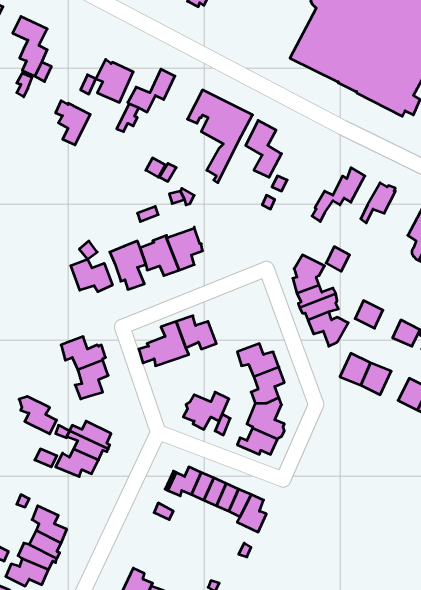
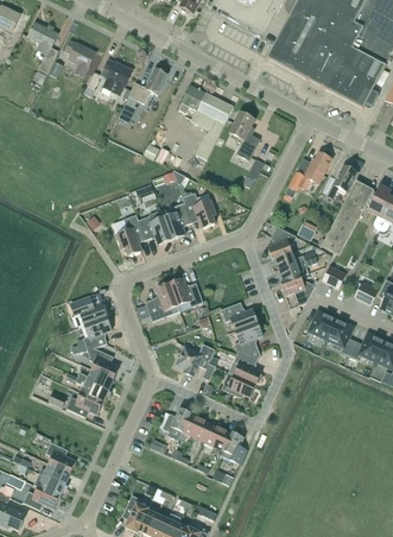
building: [56,101,90,145] -> [66,39,96,77]
building: none -> [317,179,373,254]
building: none -> [182,192,215,228]
building: [71,259,112,292] -> none
building: [19,396,57,434] -> [87,347,119,379]

